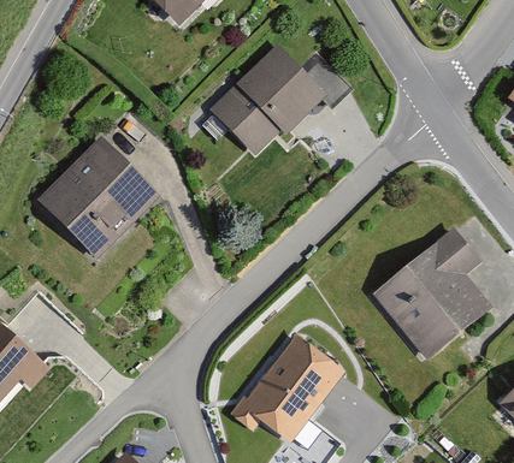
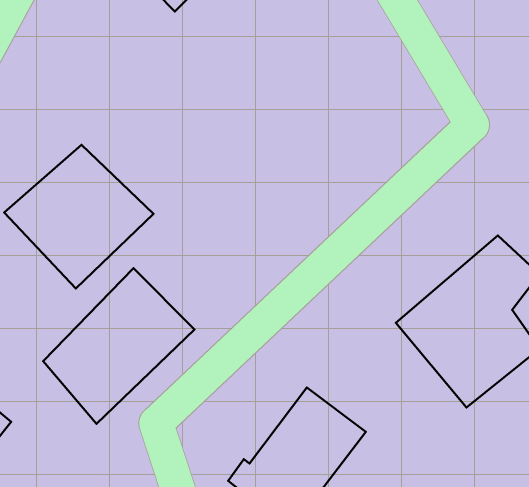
building: [211,40,327,150] -> none
building: none -> [43,268,194,424]

